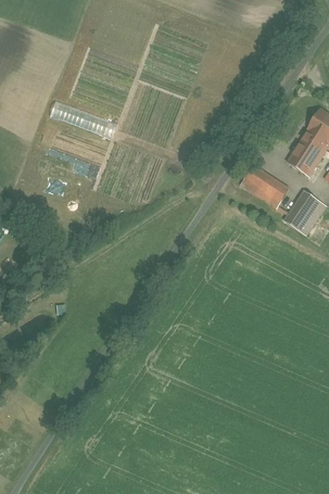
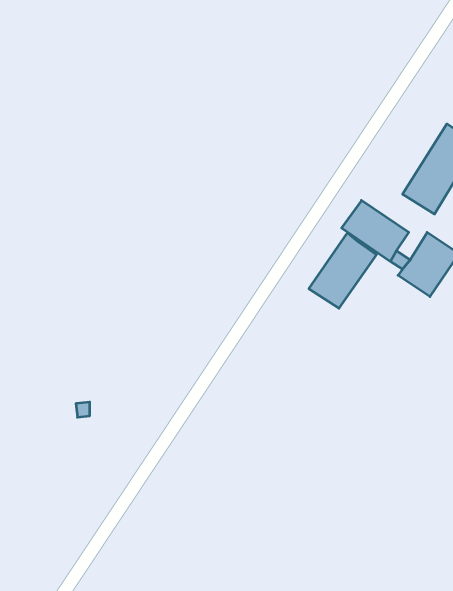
building: none -> [309,233,376,308]

